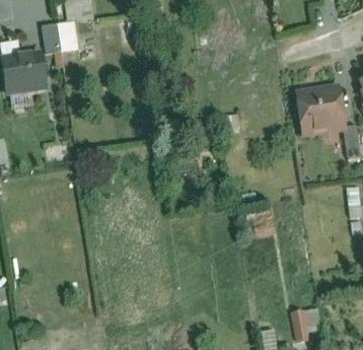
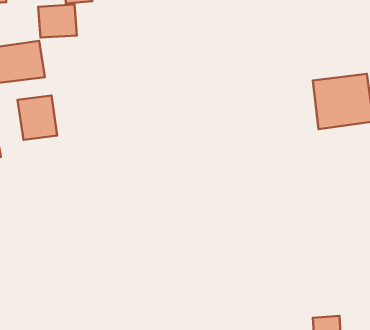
building: none -> [18,95,57,140]

